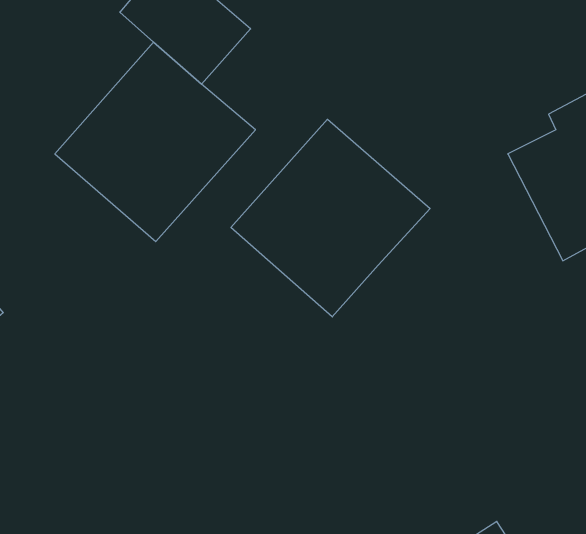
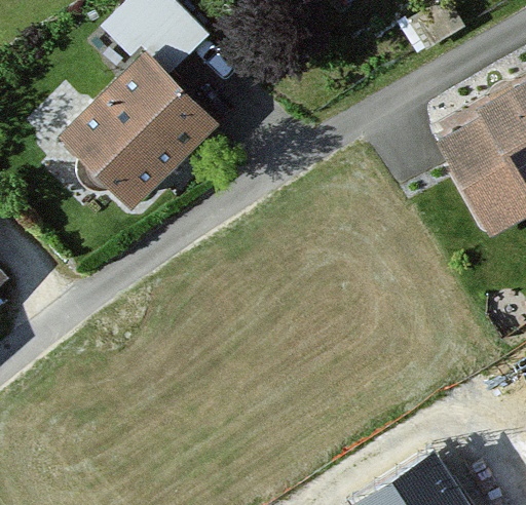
building: [231,119,430,317] -> none

